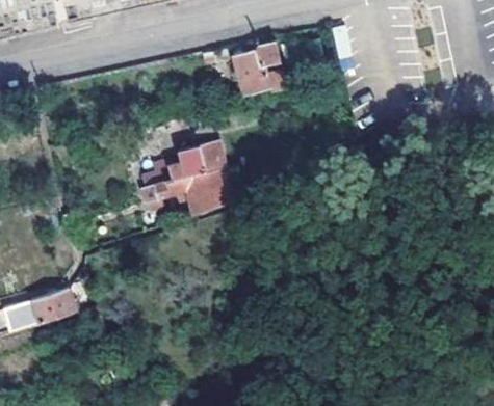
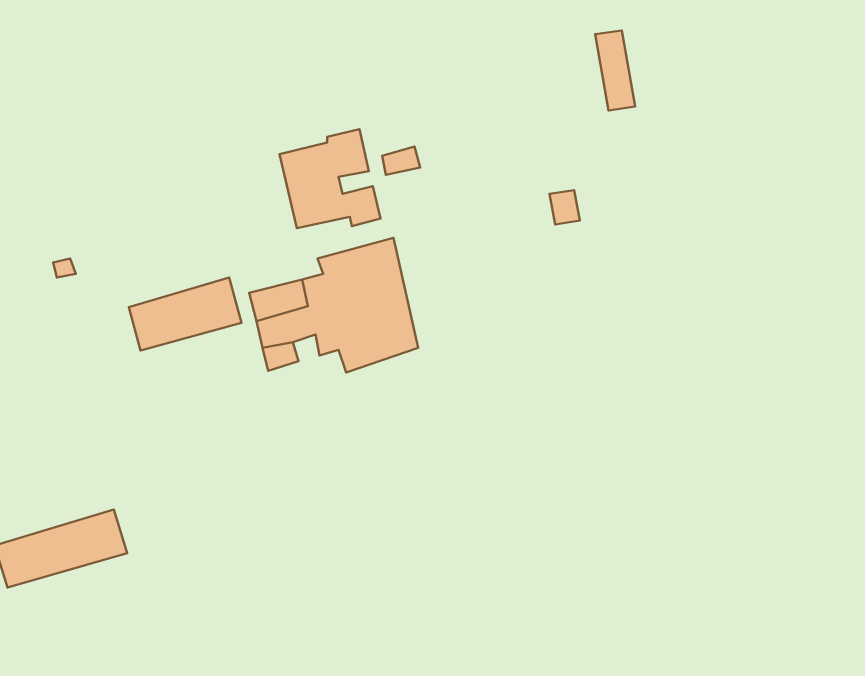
building: [231,40,286,94] -> [280,129,380,228]
building: none -> [129,278,242,351]

